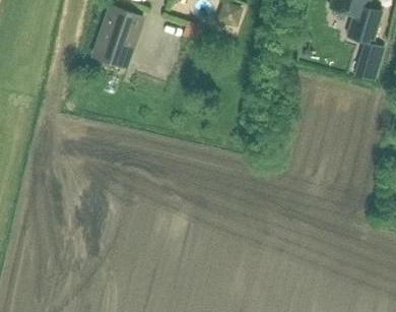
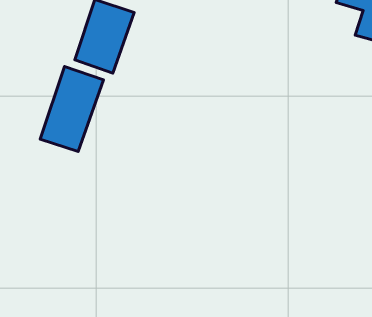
building: none -> [40,66,103,152]

